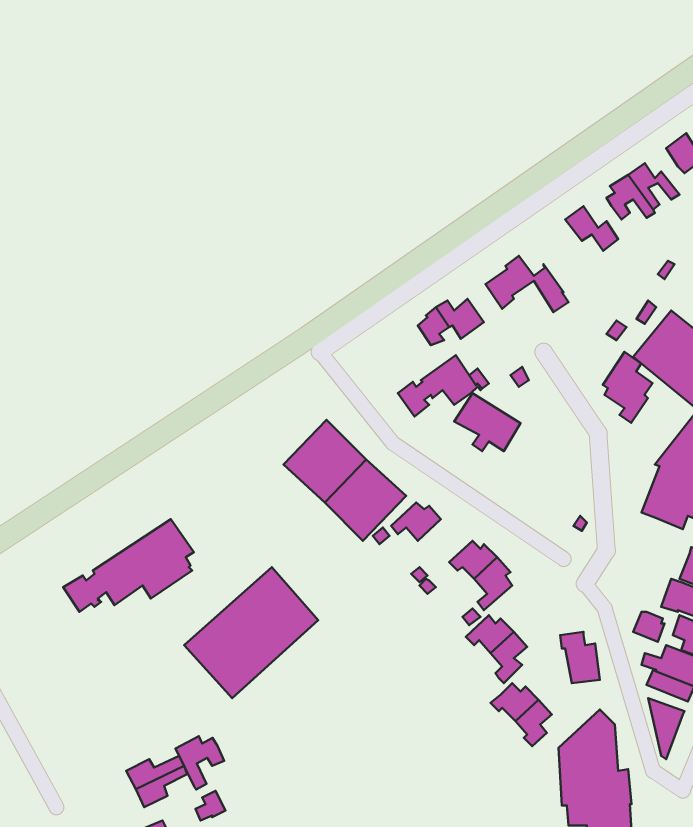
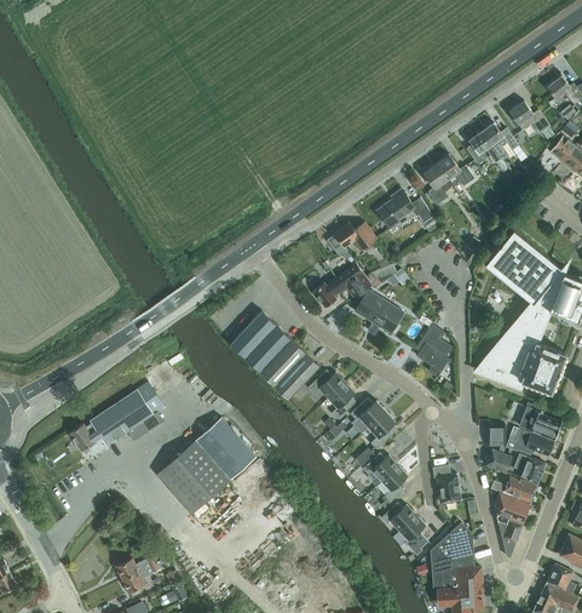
building: none -> [423,164,449,205]
building: [603,352,653,423] -> [416,325,453,377]
building: none -> [328,383,356,419]
building: [176,736,224,790] -> none

